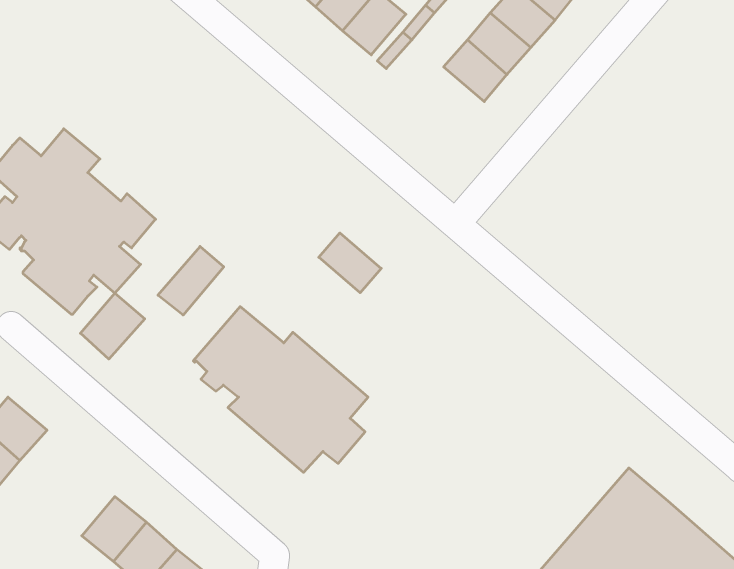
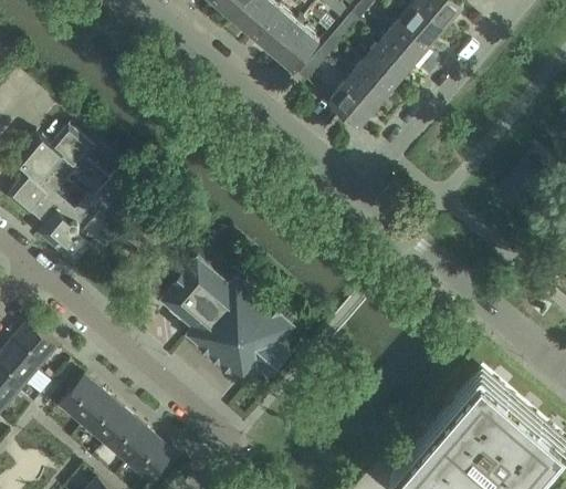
building: none -> [328,81,376,127]
building: [319,233,381,293] -> none
building: [158,246,224,315] -> none
building: [80,293,145,359] -> none
building: none -> [59,377,105,425]

